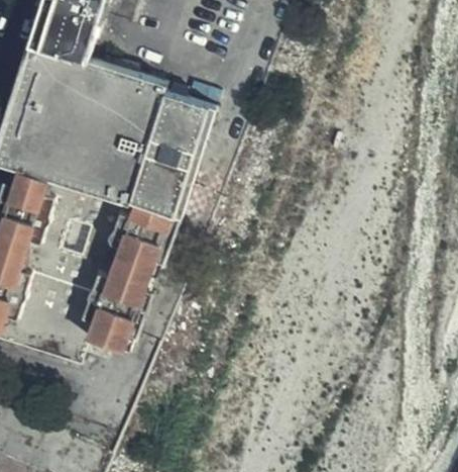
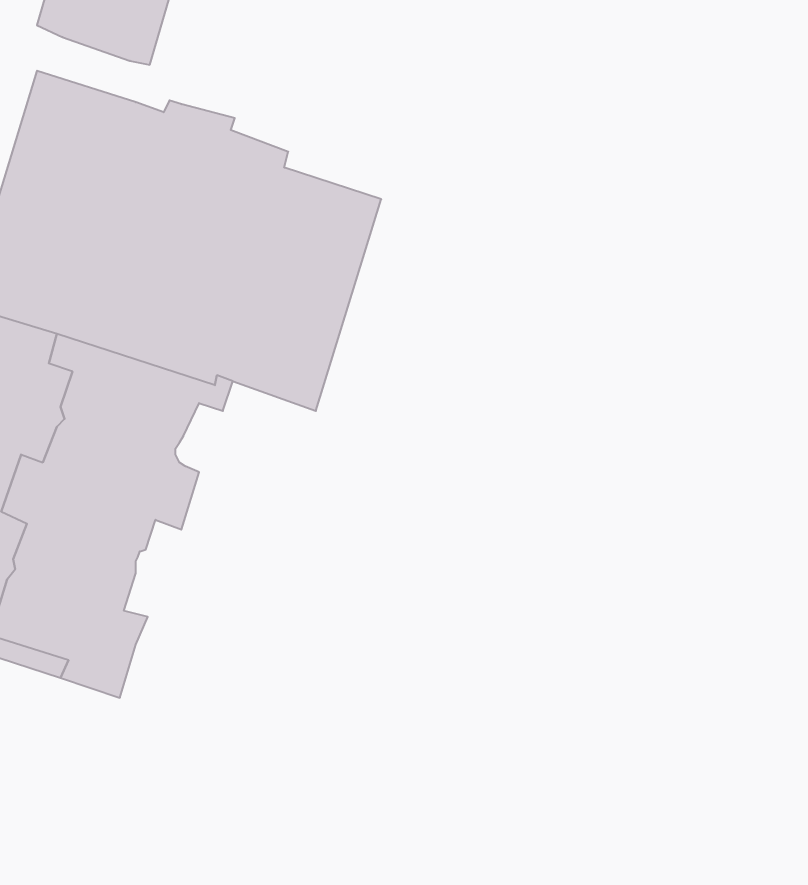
building: [27,18,91,58] -> none
building: [78,200,176,347] -> none

